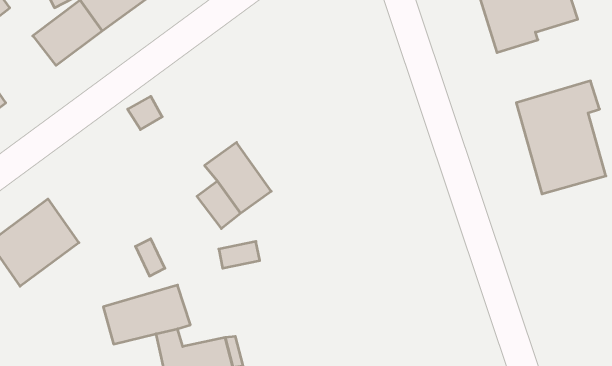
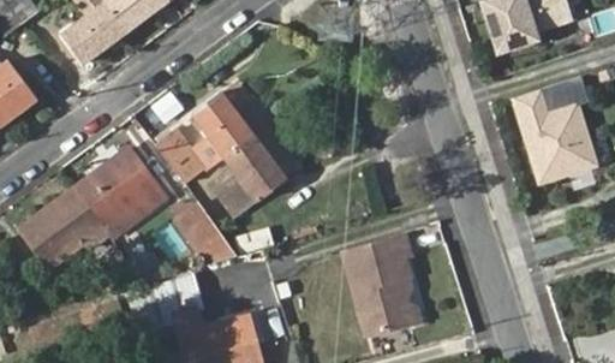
building: none -> [155,91,268,175]
building: none -> [76,148,166,237]
building: none -> [179,202,239,263]
building: none -> [346,236,416,335]

